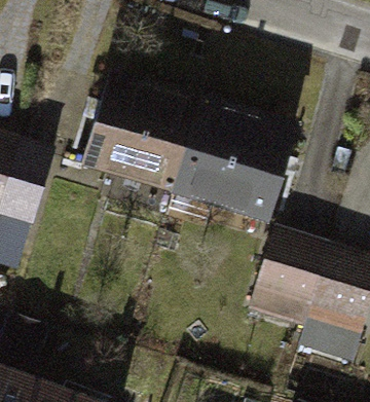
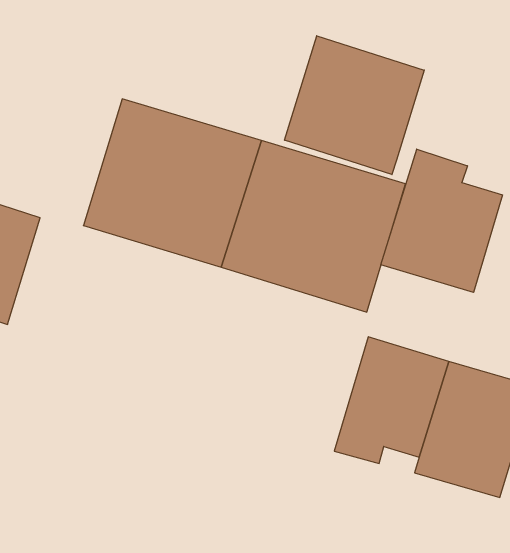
building: none -> [285,36,424,175]
building: none -> [381,149,503,292]

